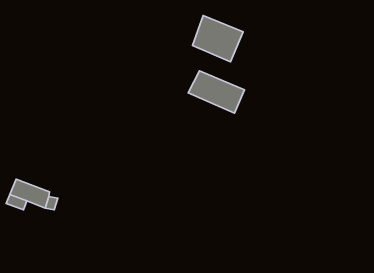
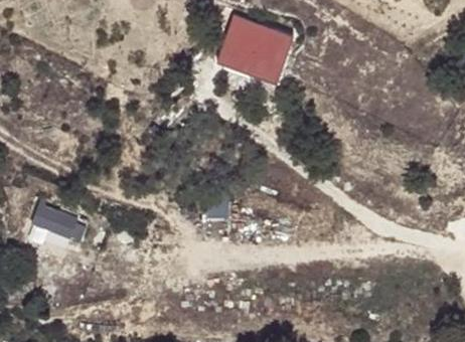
building: [188,71,244,113] -> none

